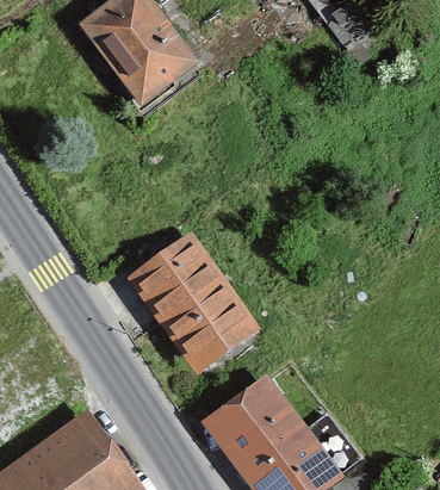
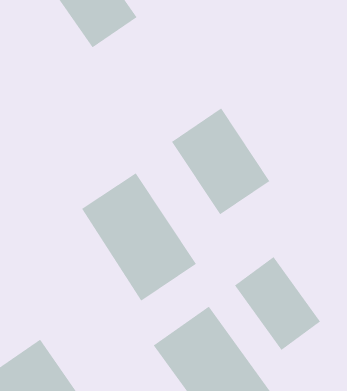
building: none -> [171,108,270,215]
building: none -> [234,256,321,351]

